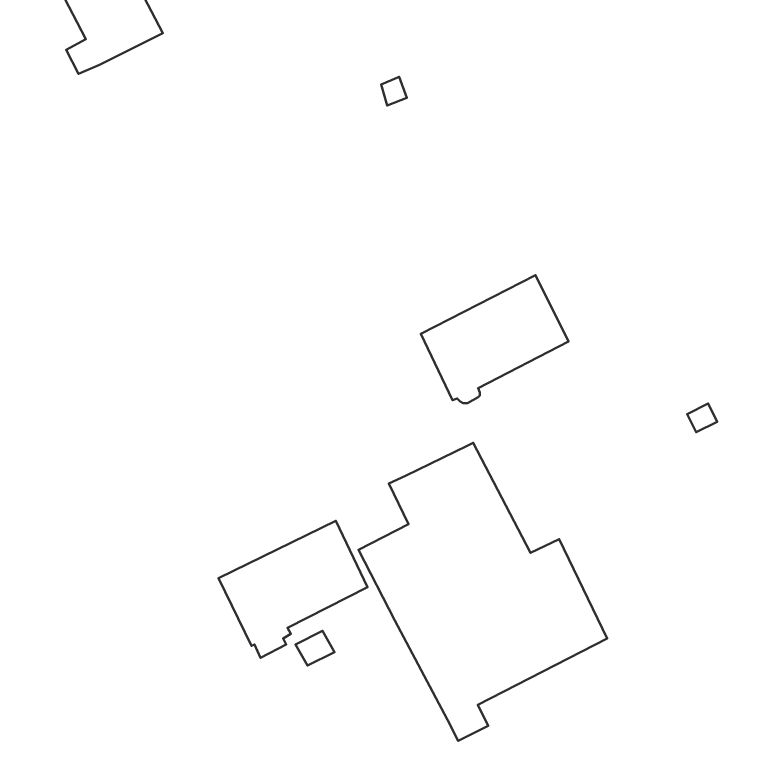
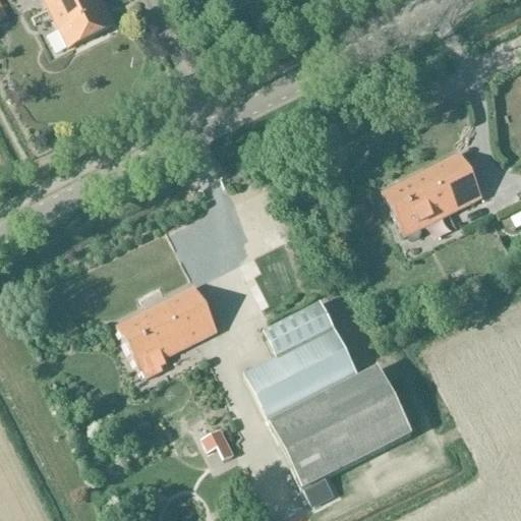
building: [421,275,569,403] -> [385,150,484,236]
building: [218,521,368,658] -> [118,285,219,378]

